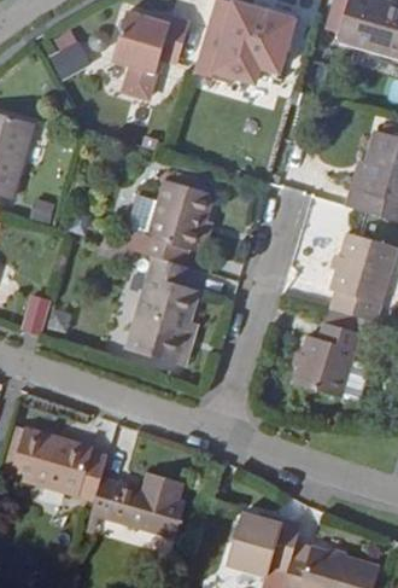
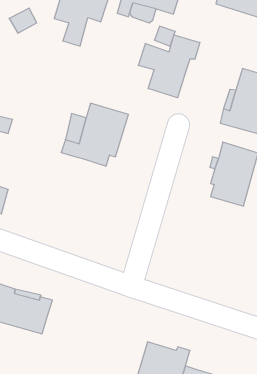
building: none -> [138,35,200,98]
building: [124,256,198,365] -> none
building: [292,308,390,403] -> none
building: [92,472,187,538] -> none

